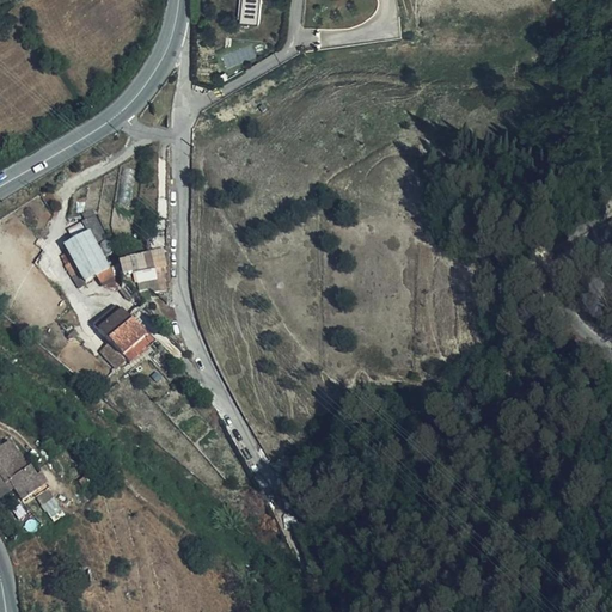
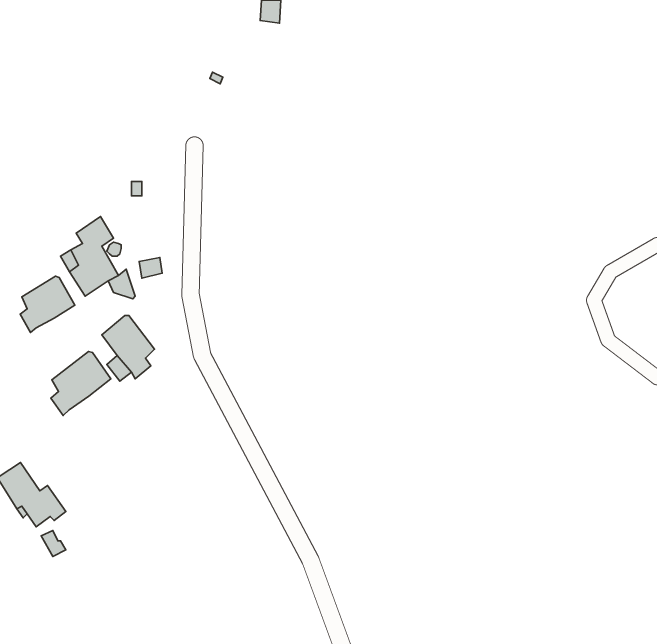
building: none -> [20,276,75,332]
building: none -> [51,352,111,416]

